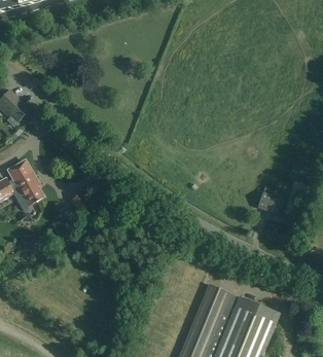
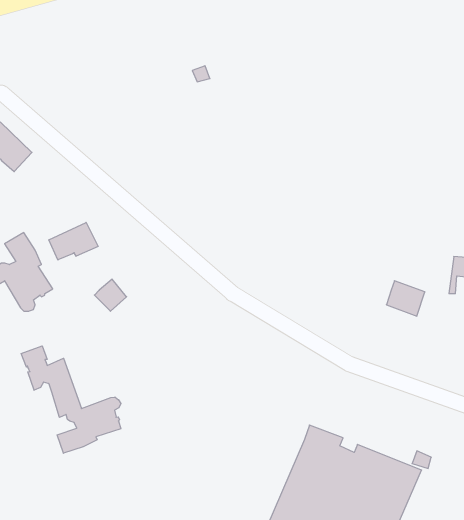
building: none -> [49,222,98,260]
building: none -> [21,346,121,453]

